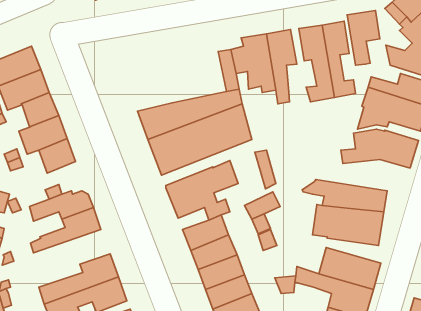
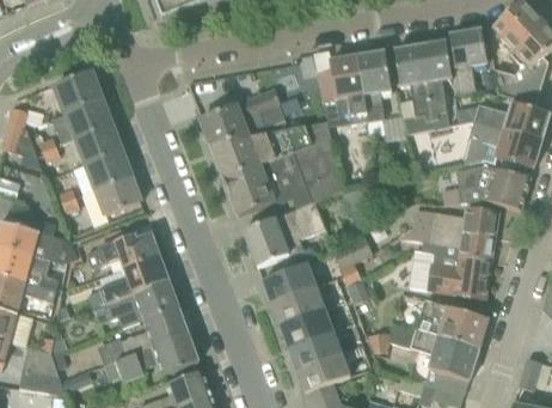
building: none -> [200,91,284,145]
building: none -> [413,208,498,236]
building: none -> [92,280,179,328]

